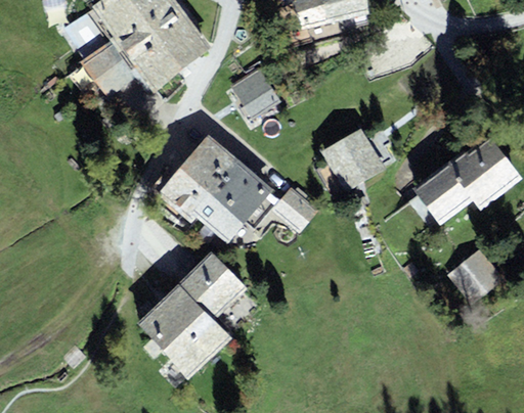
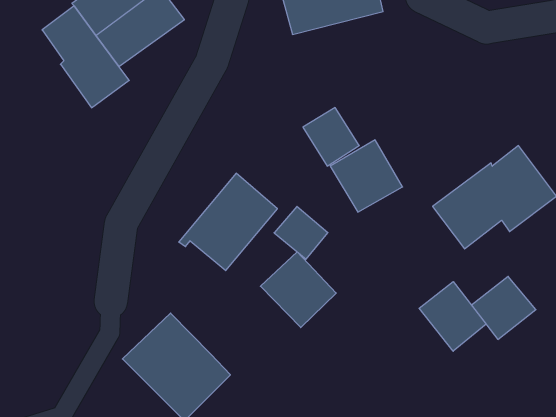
building: [132,20,212,91] -> none
building: [230,67,280,120] -> [303,108,359,166]
building: [157,134,236,219] -> none
building: [178,251,246,319] -> [260,252,336,328]
building: none -> [419,282,486,351]

